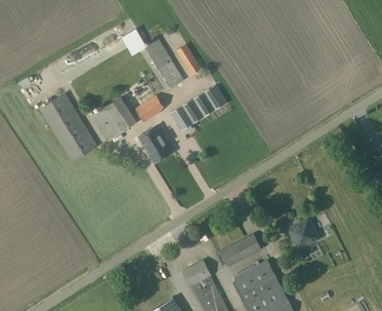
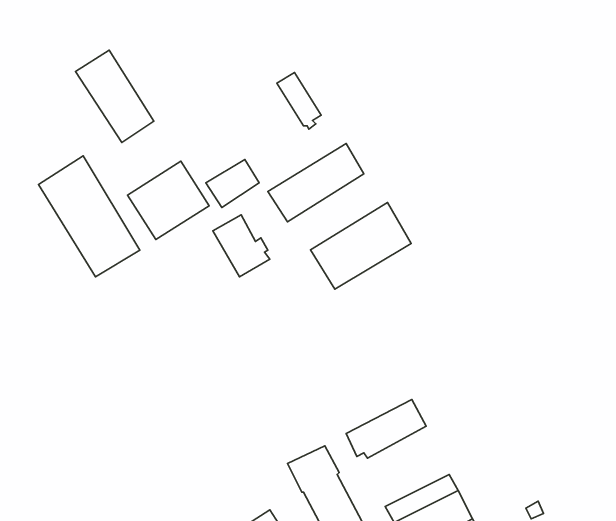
building: [139,38,184,91] -> [75,50,154,143]
building: none -> [310,202,411,289]
building: [287,217,321,249] -> none
building: [232,260,275,295] -> none

